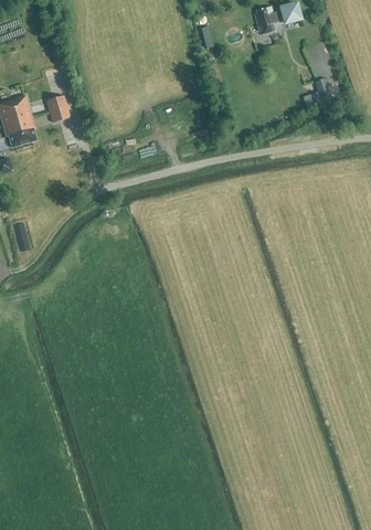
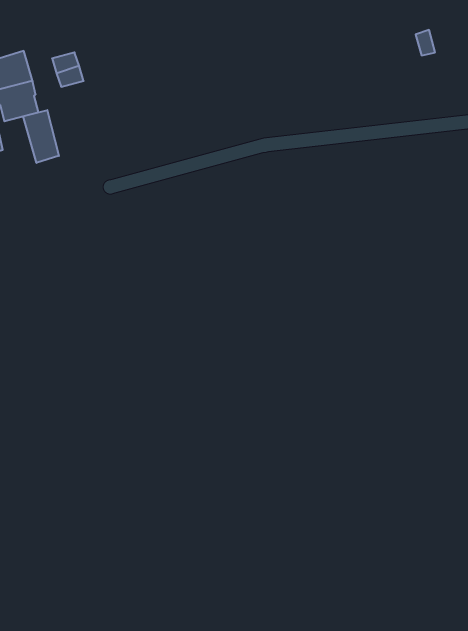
building: none -> [23,110,59,163]

